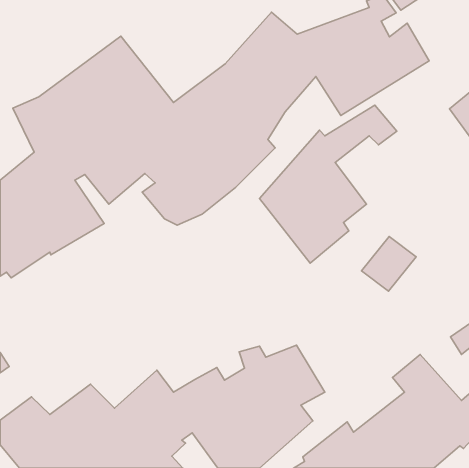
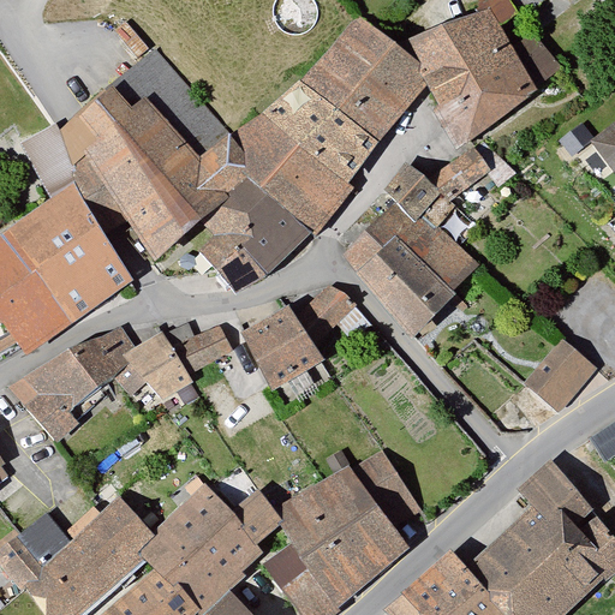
building: none -> [235,283,356,393]
building: [362,237,416,291] -> [527,344,598,414]
building: none -> [10,322,228,443]

